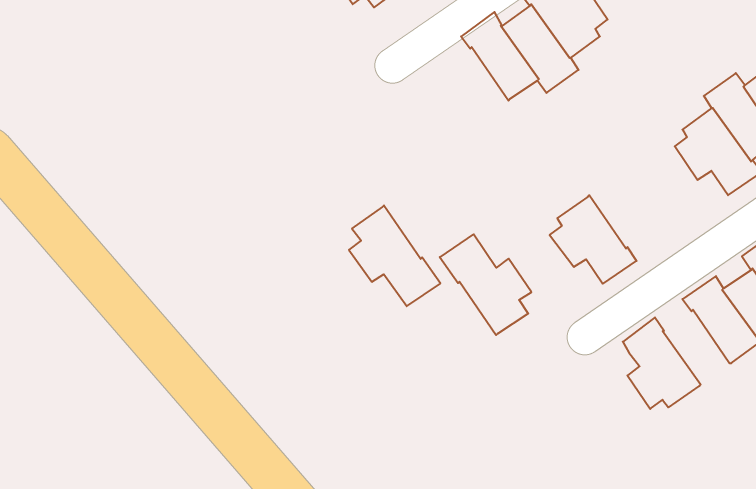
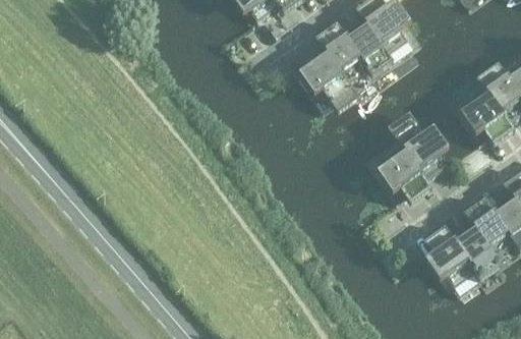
building: [349,205,440,306] -> [300,43,361,110]
building: [440,234,531,335] -> [389,110,450,177]
building: none -> [451,218,503,277]

